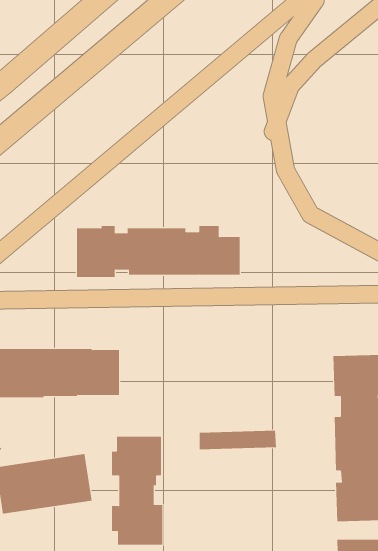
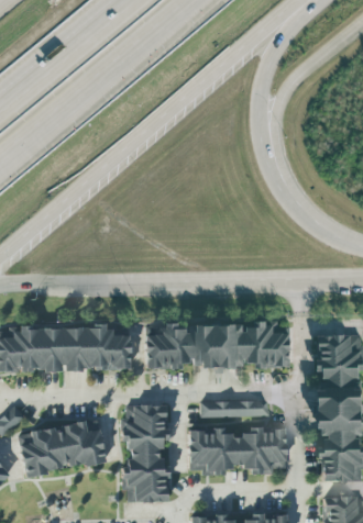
building: [76,225,241,277] -> [146,322,293,368]
building: none -> [188,427,286,476]

